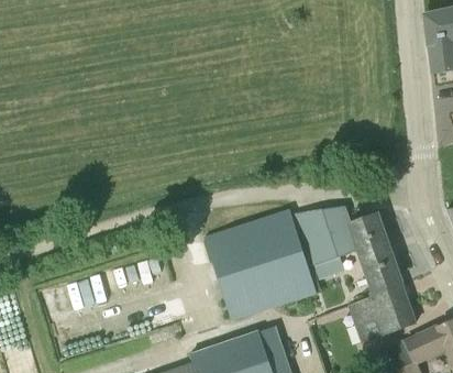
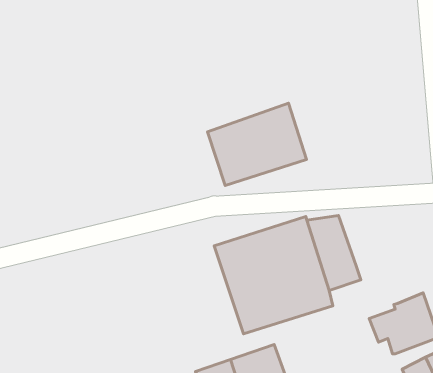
building: none -> [208,103,307,185]
building: [322,205,401,290] -> none

